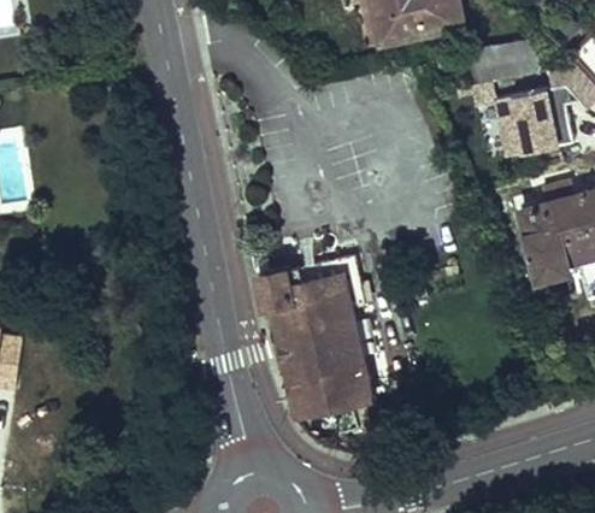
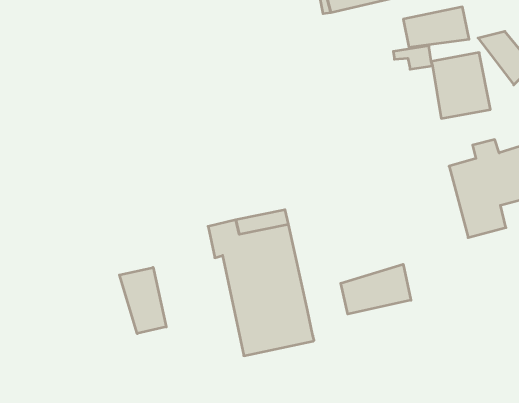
building: none -> [341,264,411,314]
building: none -> [119,267,166,334]

